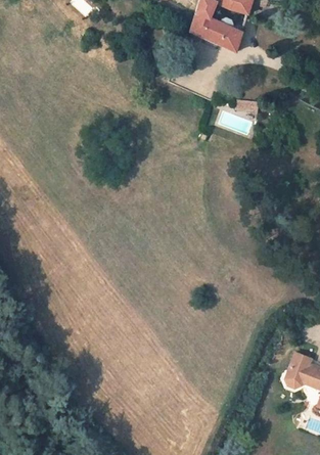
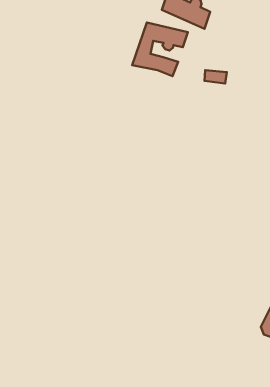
building: none -> [132,23,188,76]

